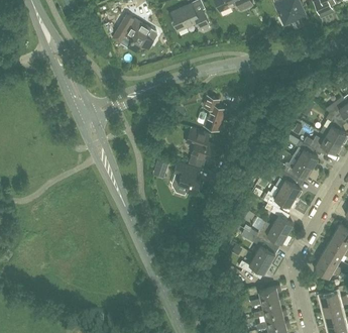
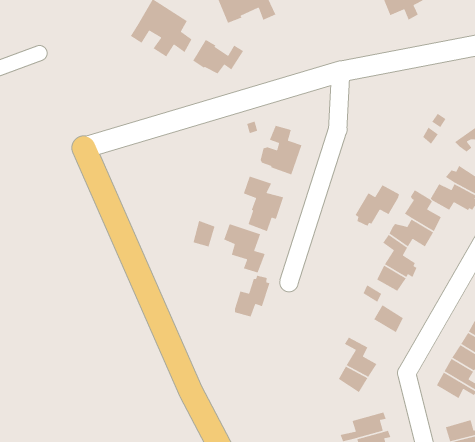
building: none -> [192,39,244,75]
building: none -> [354,184,400,227]
building: none -> [234,275,271,318]
building: [256,220,287,242] -> none

